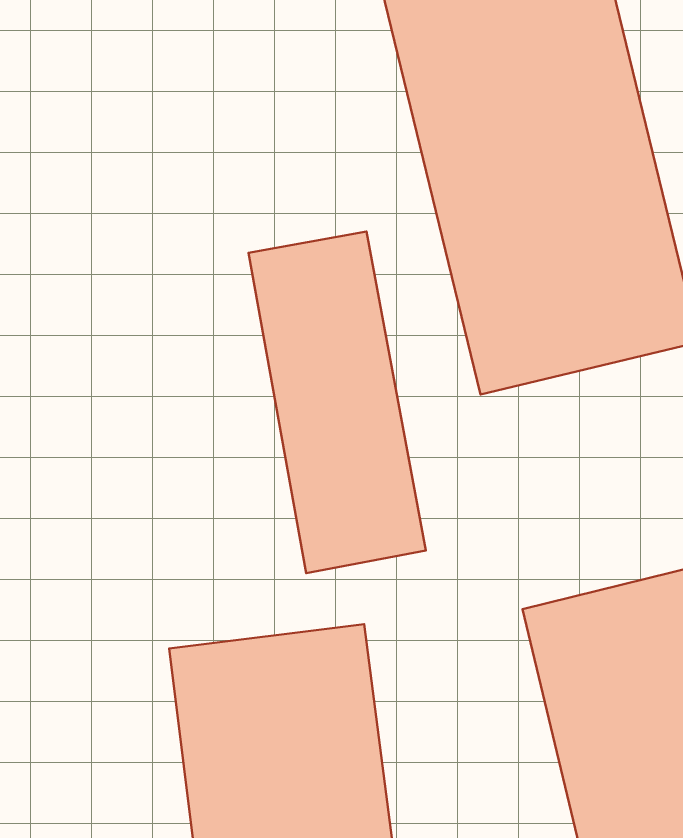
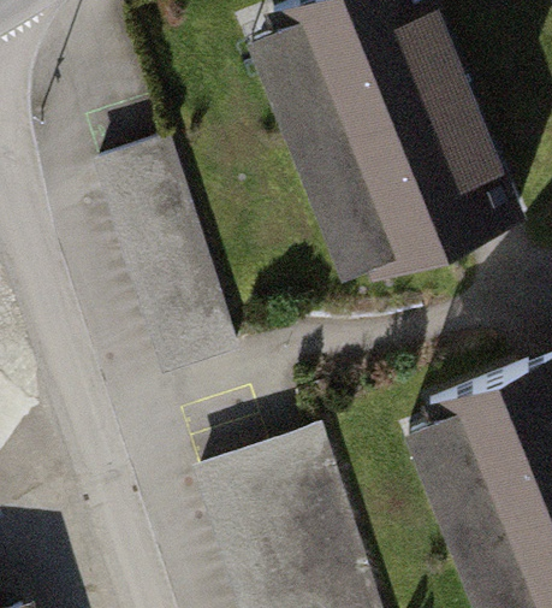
building: [249,232,426,573] -> [88,141,231,366]

